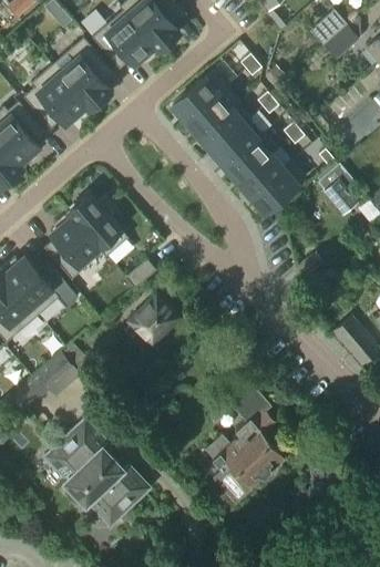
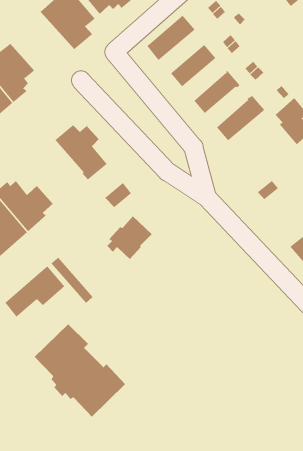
building: [22,68,89,131] -> none
building: [184,87,238,137] -> none
building: [210,121,260,168] -> none
building: [236,153,285,198] -> none
building: [42,213,99,280] -> none
building: [204,382,280,504] -> none

